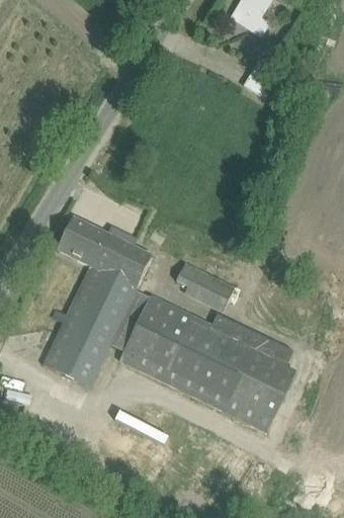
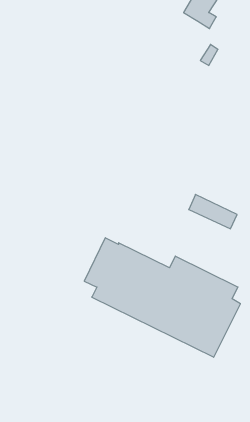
building: [42,217,151,386] -> none
building: [176,262,235,304] -> [189,194,237,229]

